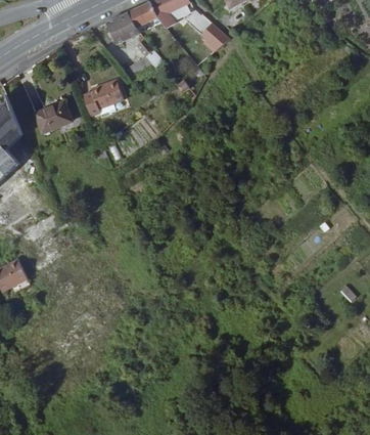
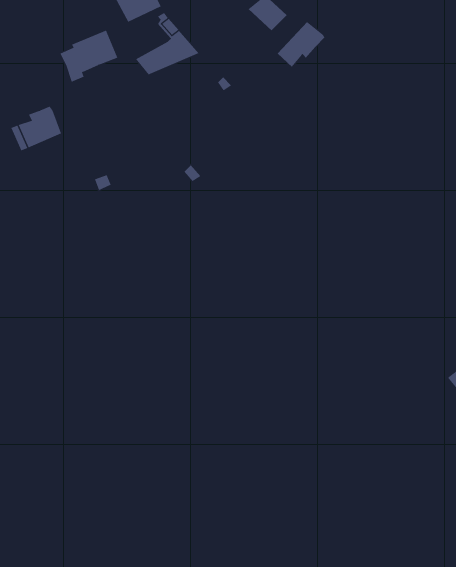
building: none -> [277,21,325,68]
building: [82,80,123,117] -> [60,30,118,83]

